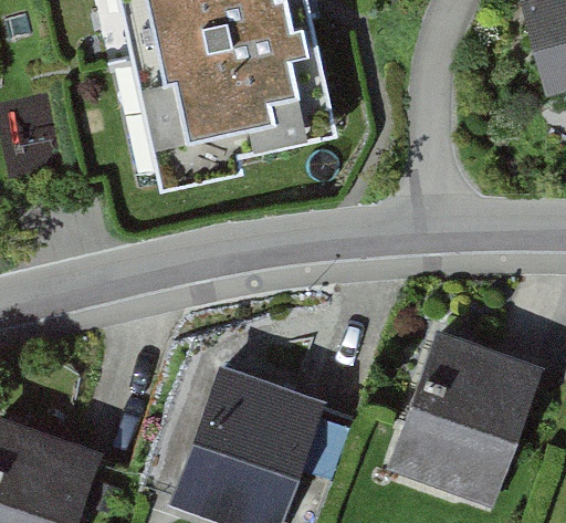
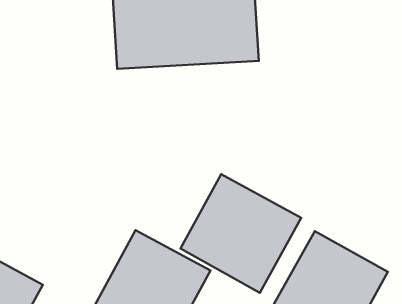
building: none -> [180,174,301,293]

